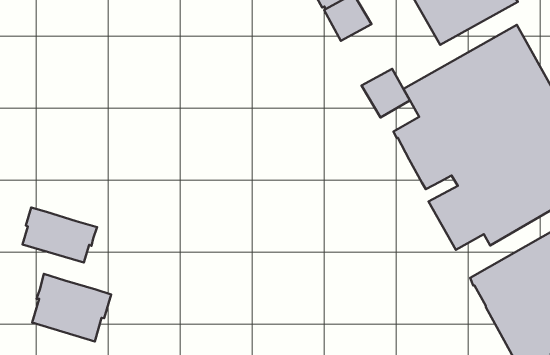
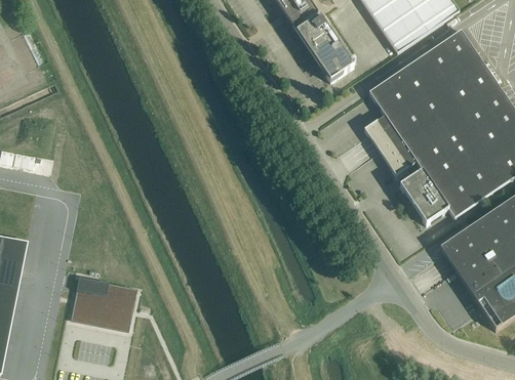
building: [362,69,410,117] -> [313,39,355,81]
building: [22,208,97,263] -> none

